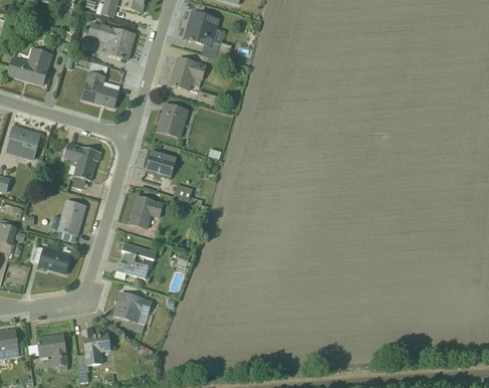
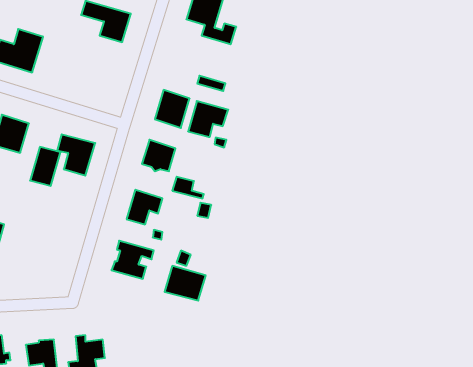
building: [170,56,207,89] -> [188,101,228,137]
building: [82,71,119,108] -> none
building: [57,199,85,235] -> [30,147,61,186]
building: [37,244,72,274] -> none
building: [113,292,152,324] -> [165,266,206,301]

